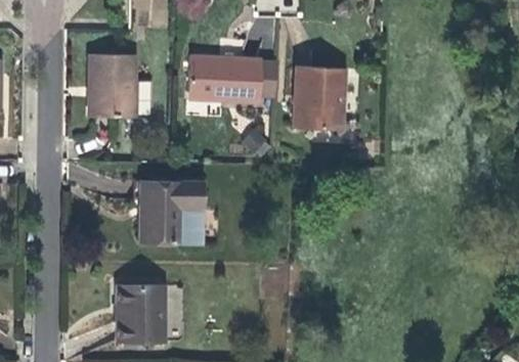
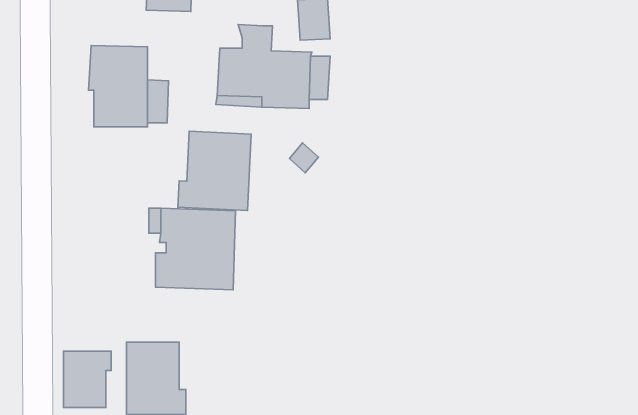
building: [295,65,345,130] -> none
building: none -> [178,131,251,210]
building: none -> [63,351,111,408]

